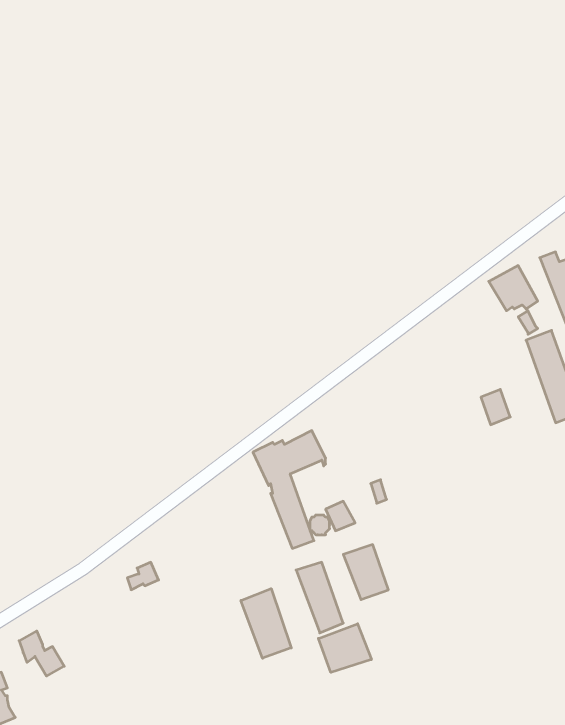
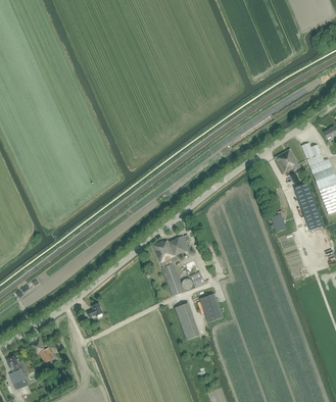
building: [241,589,291,658] -> none
building: [318,624,371,672] -> none

